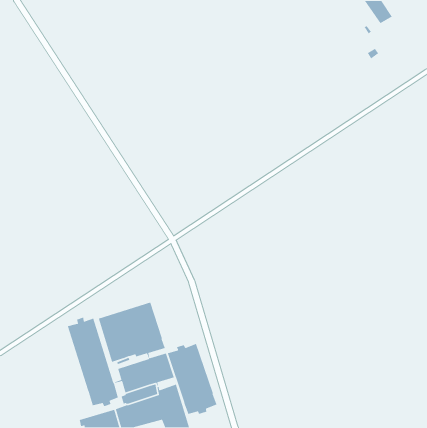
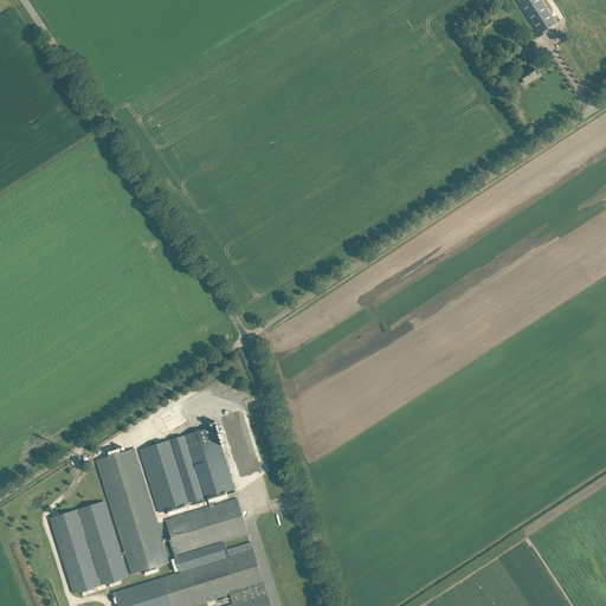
building: [167,343,218,415] -> none
building: none -> [50,502,127,595]

